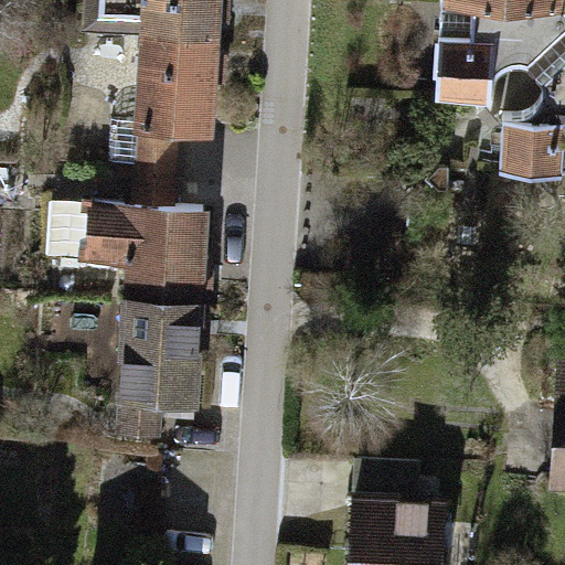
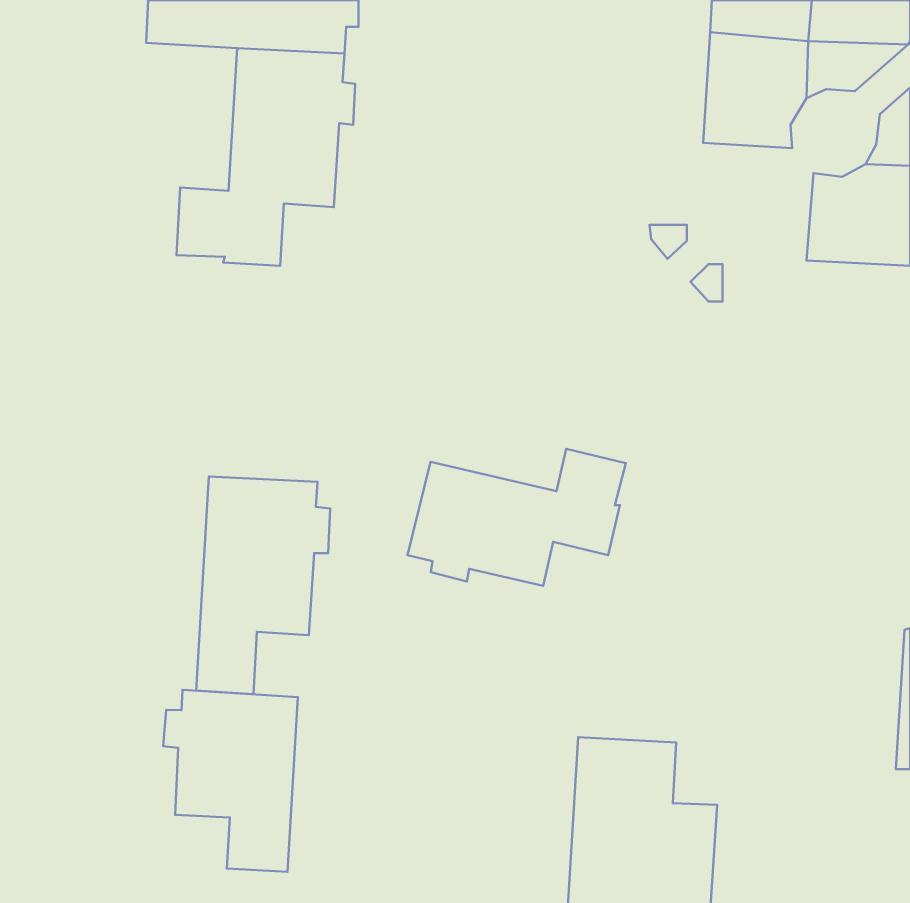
building: [51,168,207,303] -> none
building: none -> [407,449,626,586]
building: none -> [163,690,298,872]

